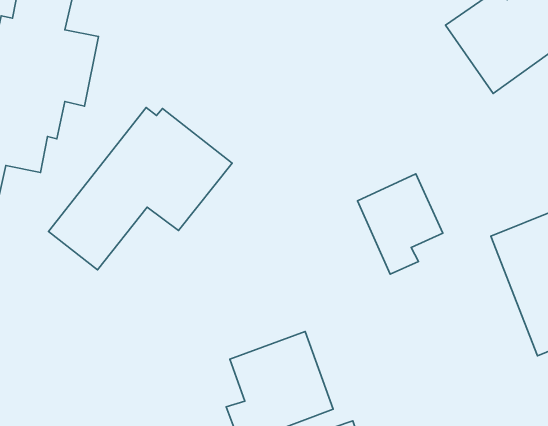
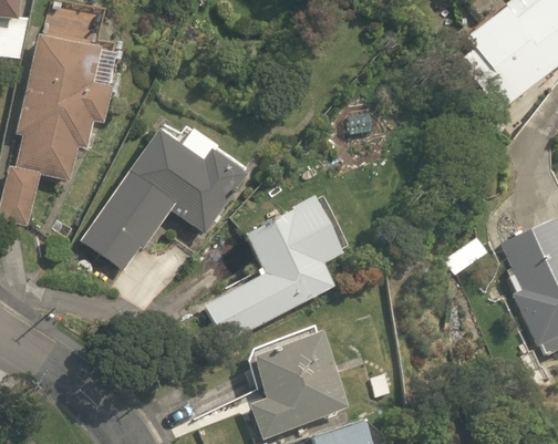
building: [358,174,443,274] -> none
building: none -> [205,195,344,340]

